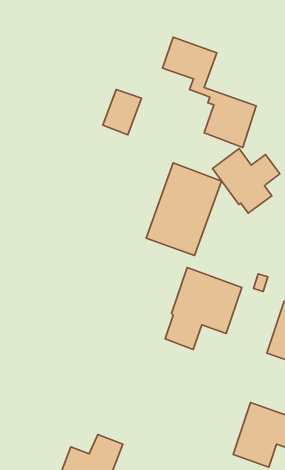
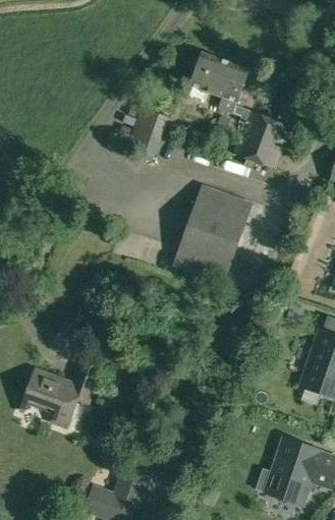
building: [212,148,280,213] -> none
building: [165,268,242,350] -> none
building: none -> [23,355,103,426]

